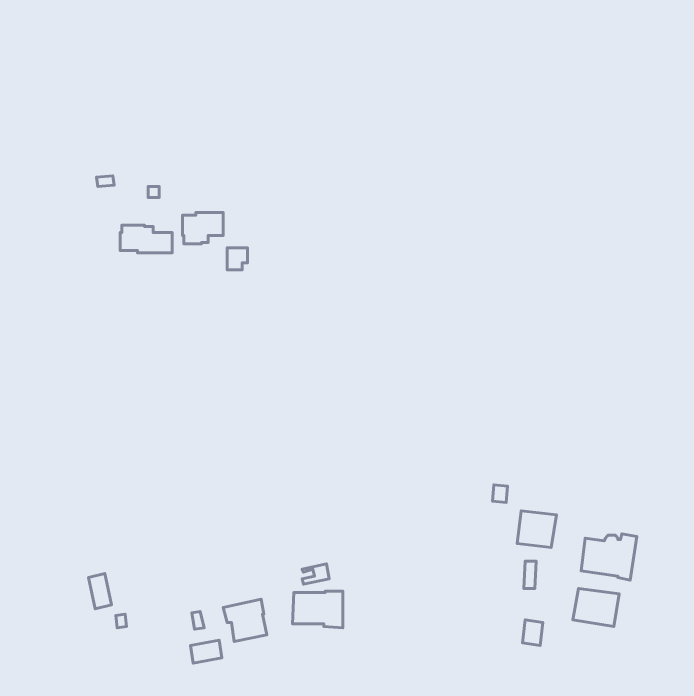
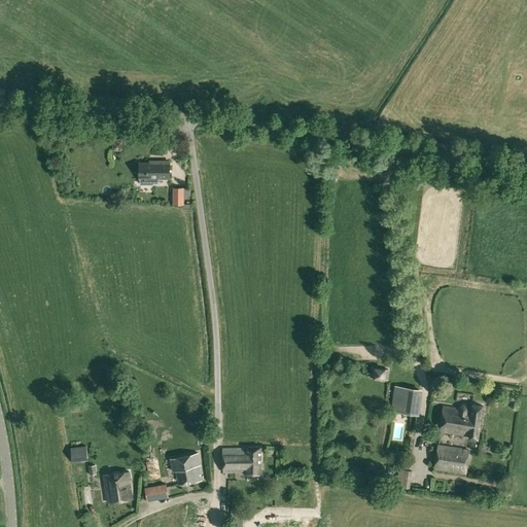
building: [120,225,172,253] -> none
building: none -> [102,471,132,502]

